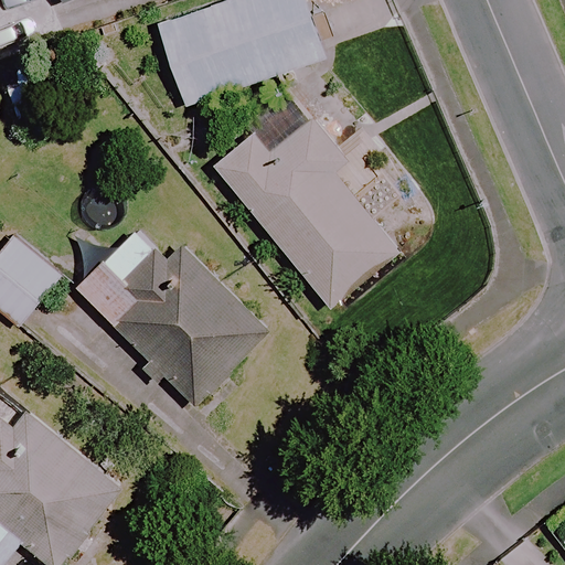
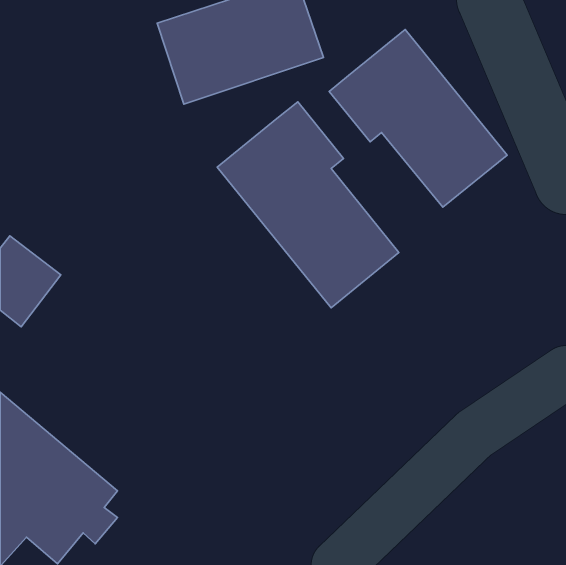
building: none -> [329,29,507,207]
building: [76,228,269,406] -> none

